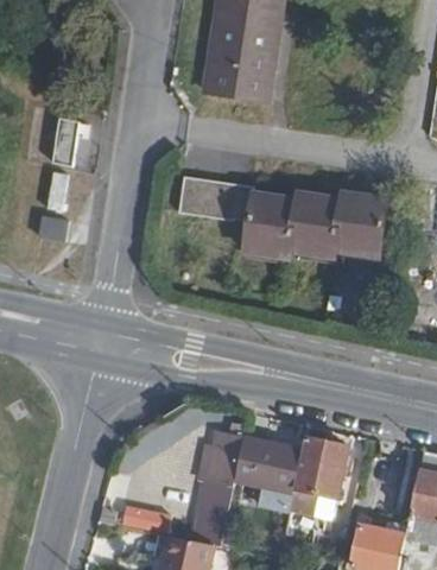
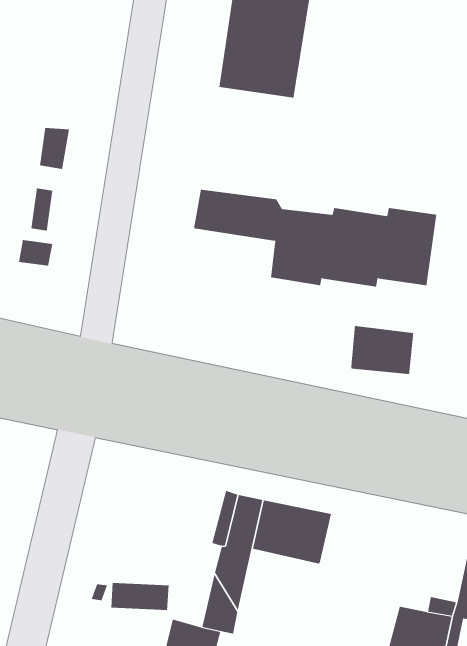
building: none -> [351,325,414,375]
building: [291,441,346,502] -> none

